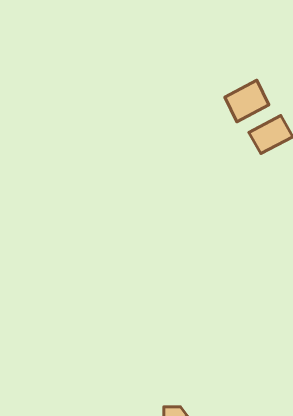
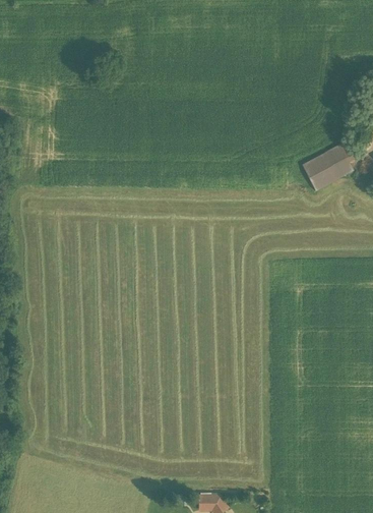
building: [225,80,269,122] -> none

